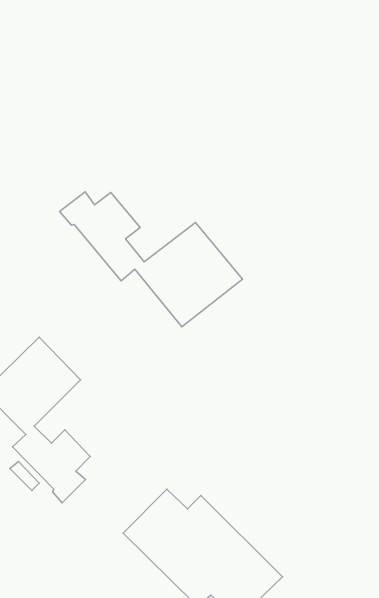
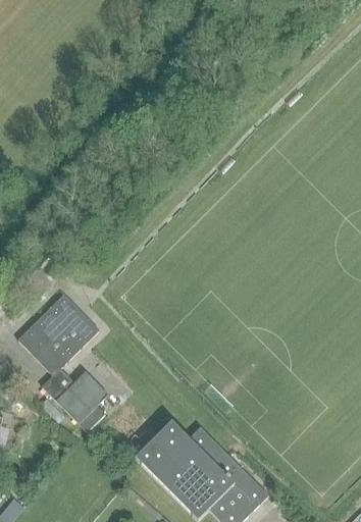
building: [60,192,242,327] -> none

